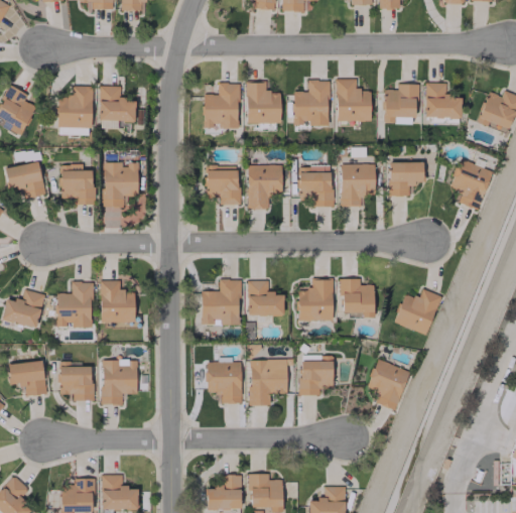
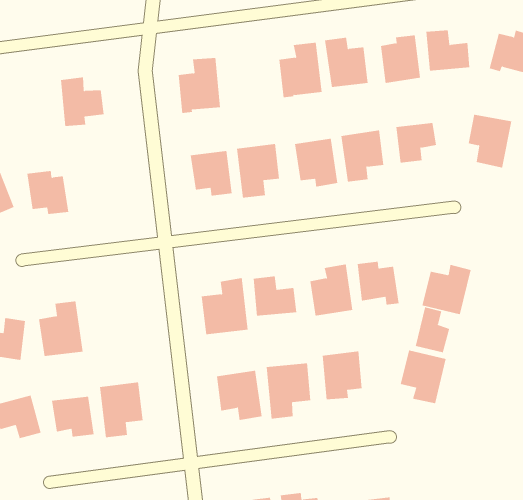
building: [247,83,281,124] -> none
building: [58,87,93,128] -> none
building: [103,162,139,208] -> none
building: [101,280,136,324] -> none
building: none -> [415,307,450,353]

